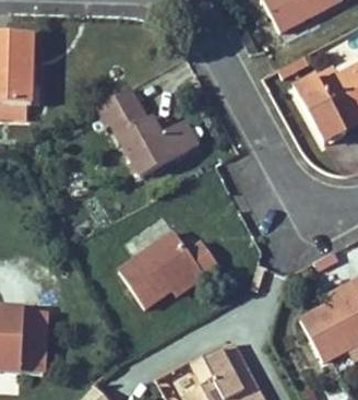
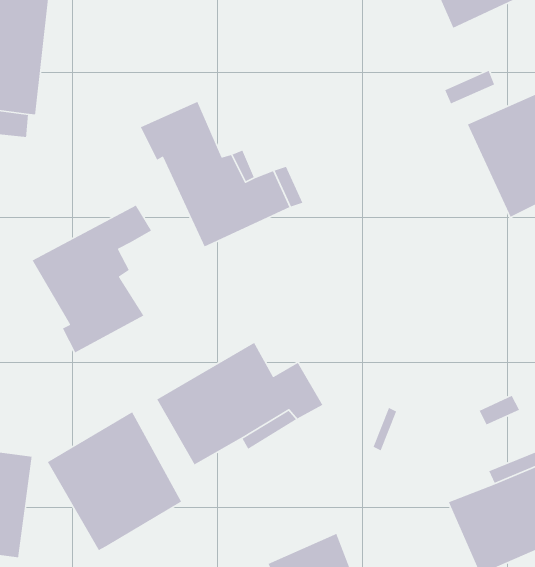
building: none -> [32,204,152,354]
building: none -> [47,411,182,551]

